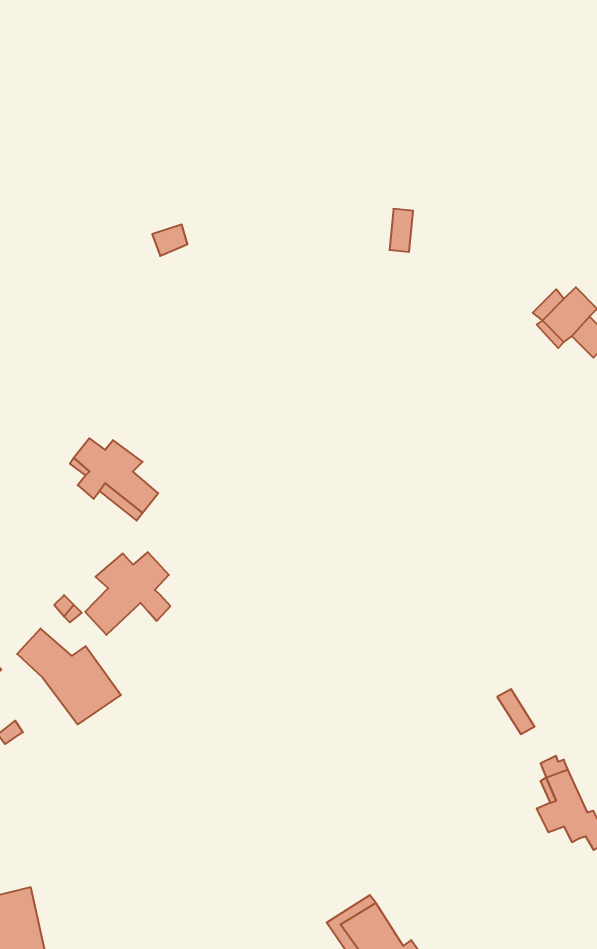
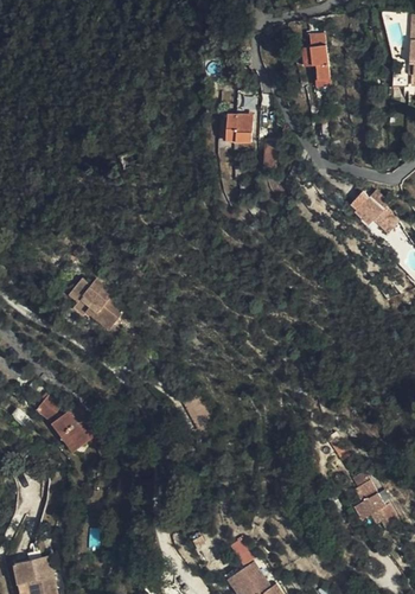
building: none -> [302,33,330,81]
building: none -> [226,111,254,141]
building: [85,552,170,635] -> none

